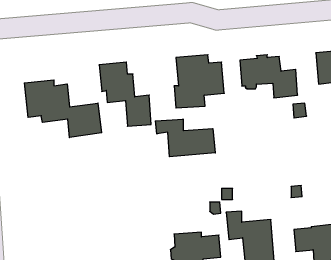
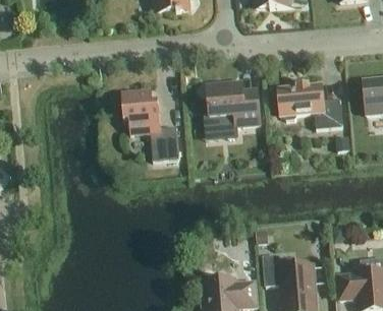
building: [24,80,102,138] -> none
building: [155,119,215,157] -> none

